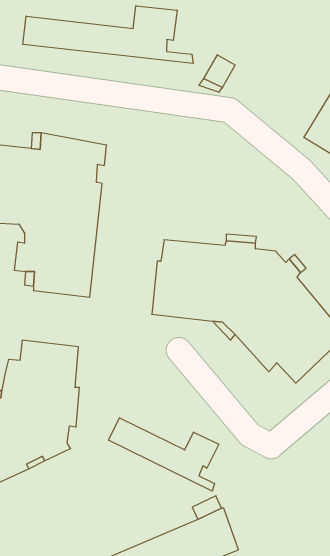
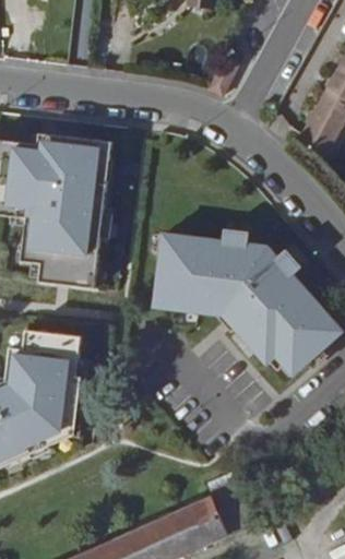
building: [23,6,193,63] -> none
building: [108,418,219,491] -> none

